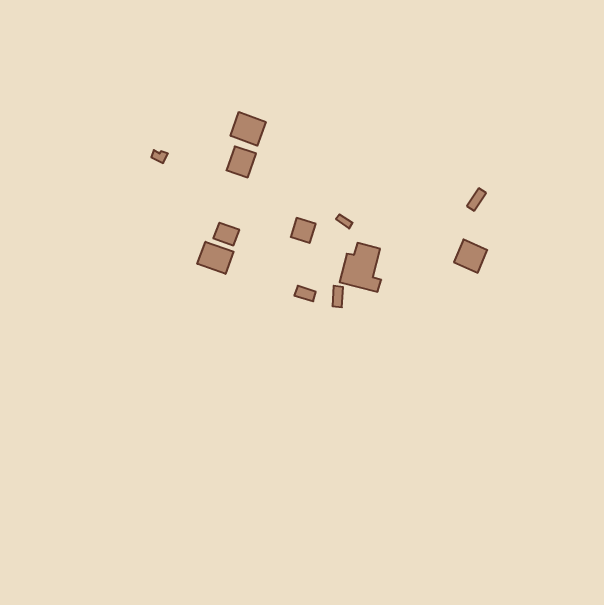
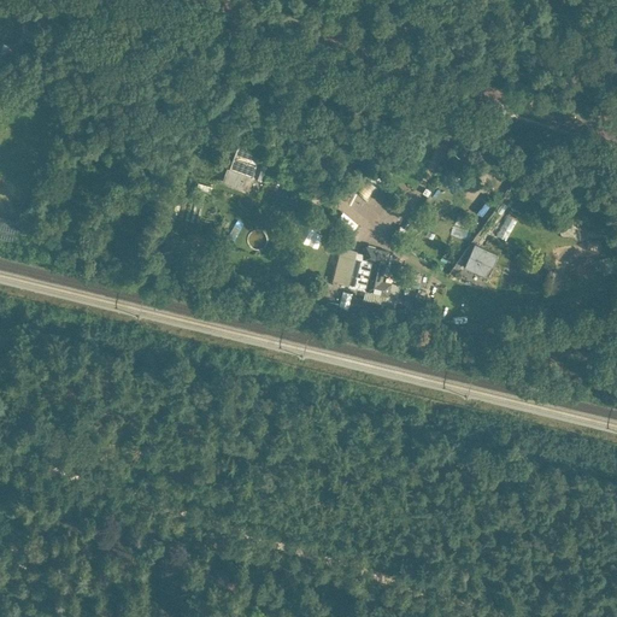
building: [231,112,266,146] -> none
building: [197,242,234,274] -> none

